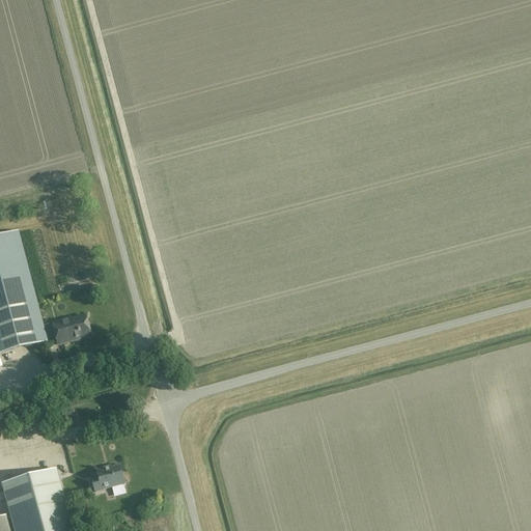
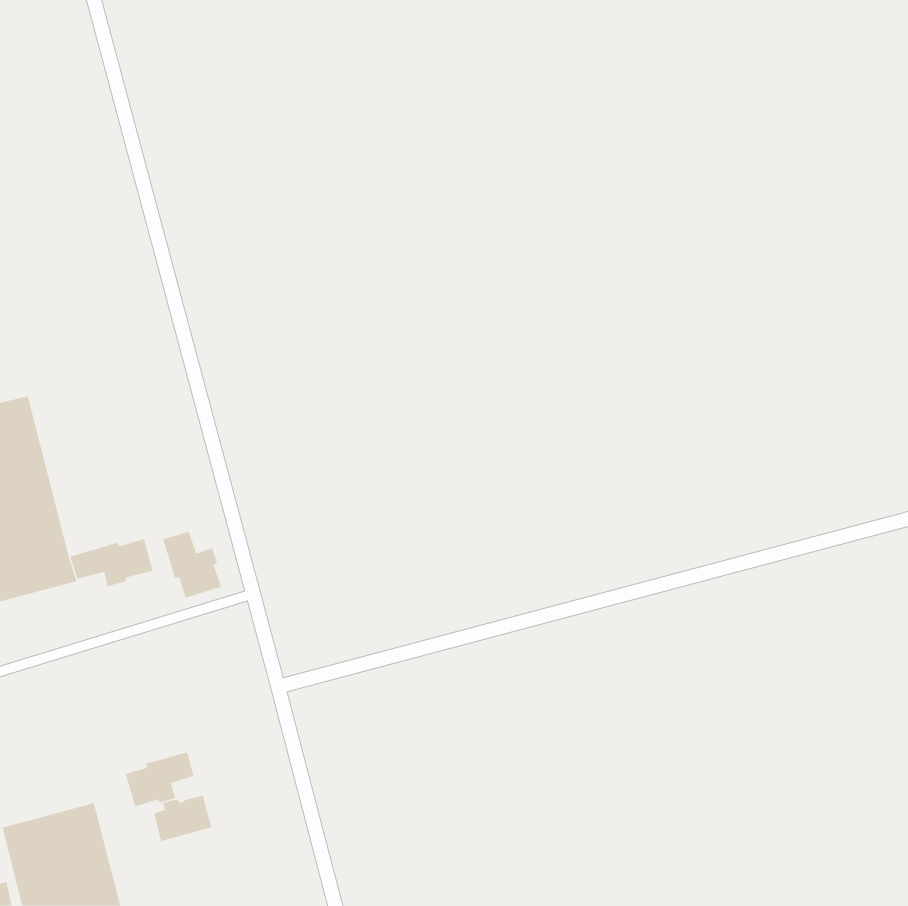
building: none -> [163,531,222,598]
building: none -> [125,752,194,807]

